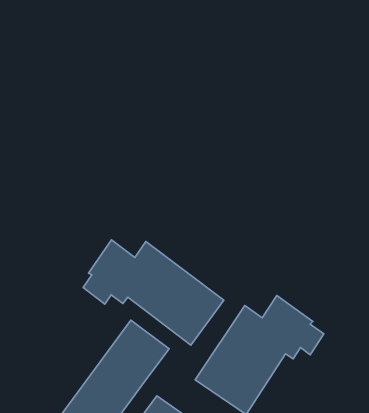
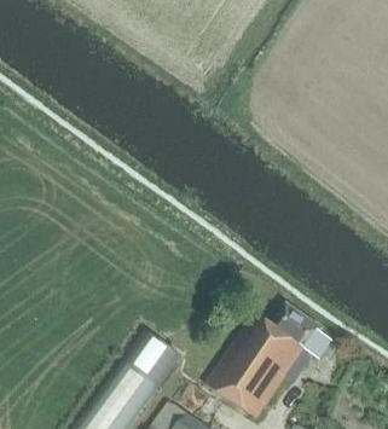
building: [83,240,224,345] -> none

